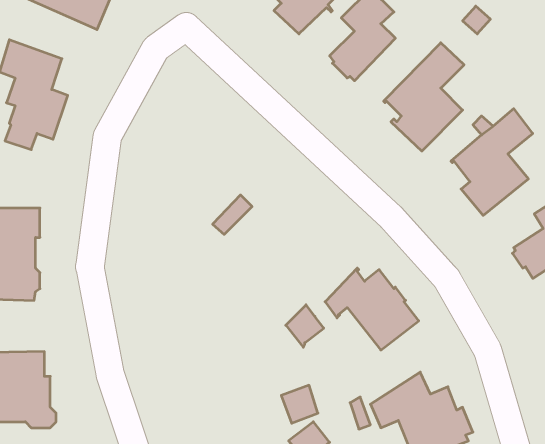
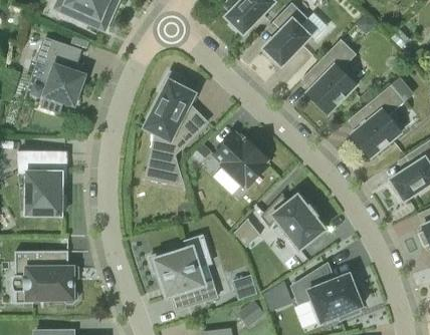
building: none -> [146,72,206,170]
building: none -> [213,133,268,187]
building: none -> [149,236,217,310]

